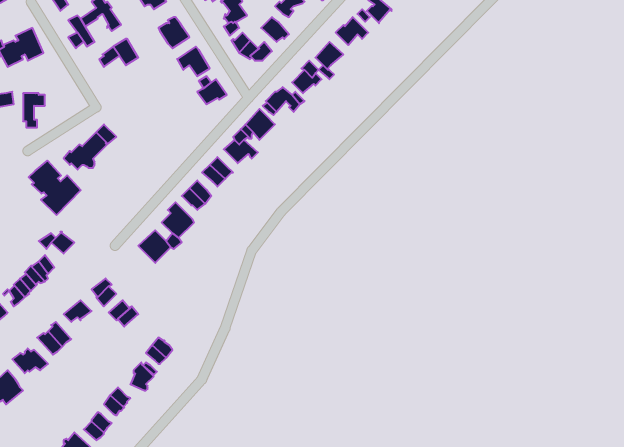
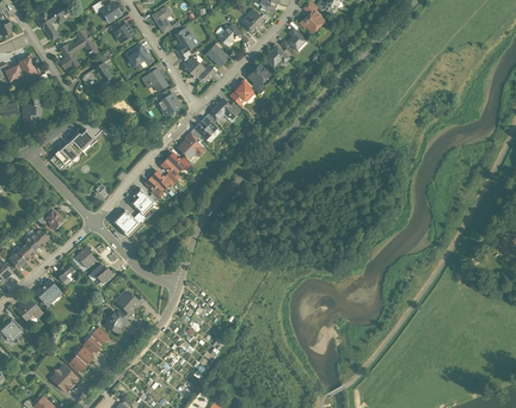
building: [29,161,81,215] -> none

